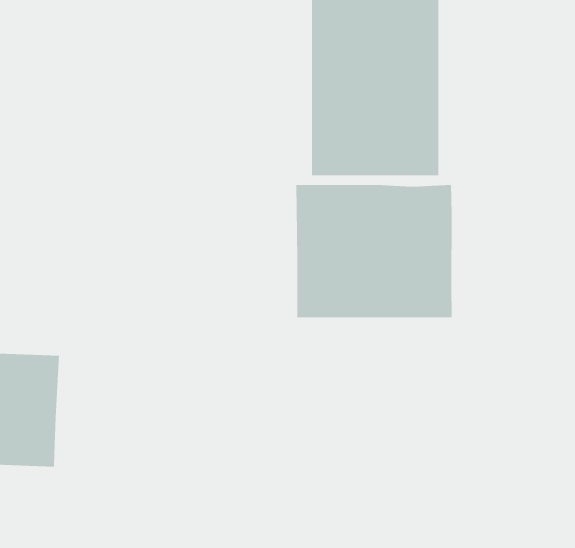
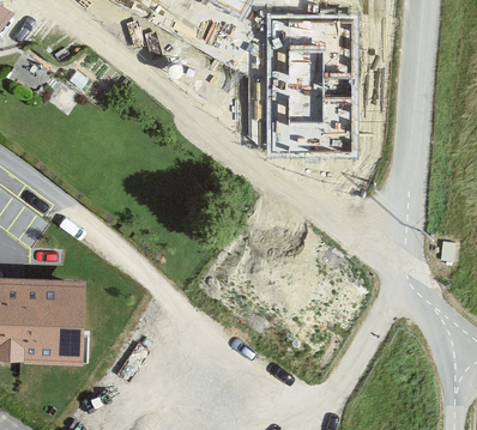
building: [296,184,452,318] -> none

